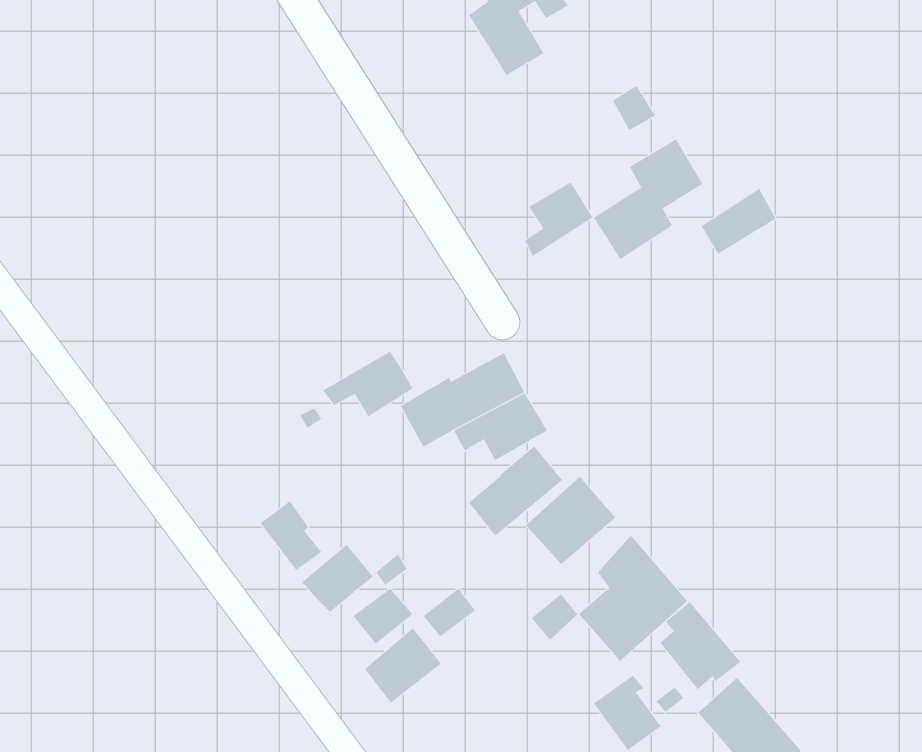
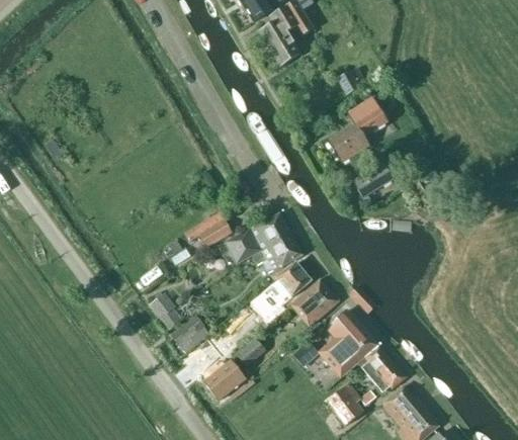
building: [525,181,593,257] -> none
building: [701,188,776,255] -> [353,162,394,197]

